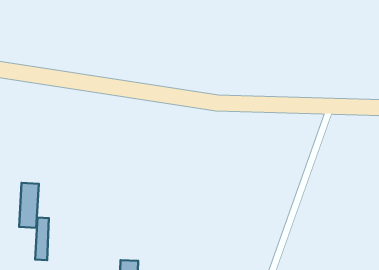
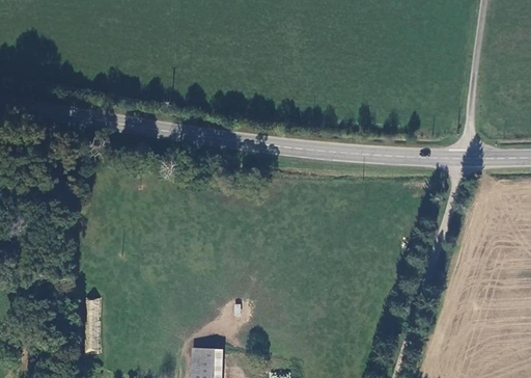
building: [19,183,39,228] -> none

